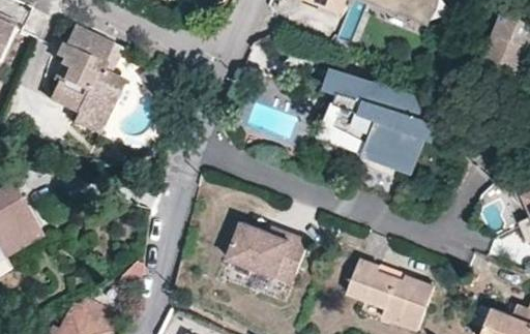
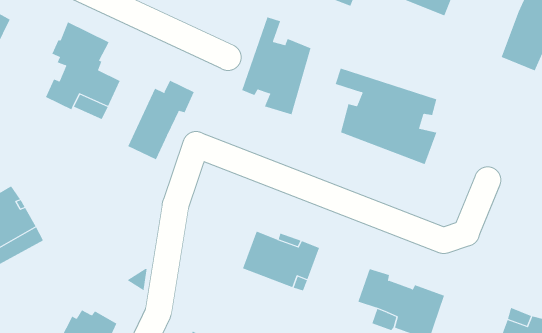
building: none -> [241,16,311,115]
building: none -> [127,80,194,160]

